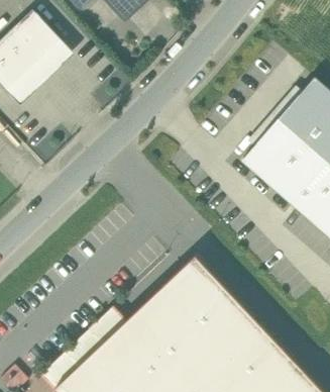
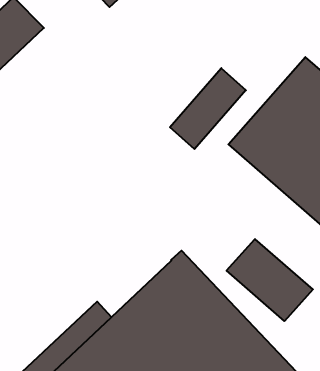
building: none -> [170,68,246,149]
building: none -> [227,239,313,321]

